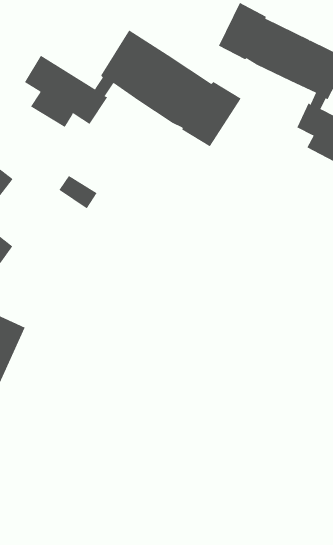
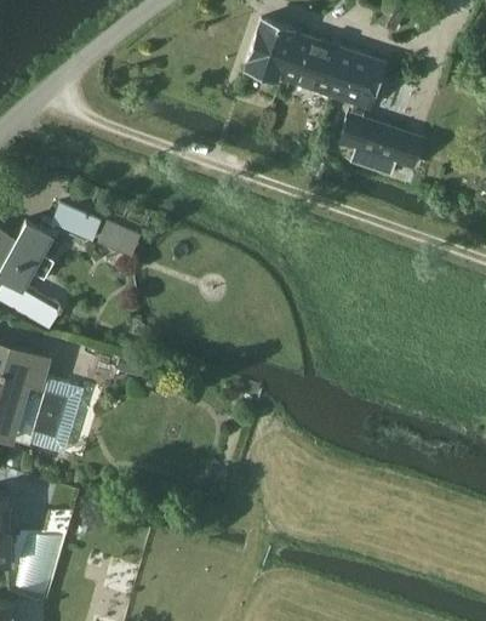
building: [24,29,241,147] -> none
building: none -> [52,203,101,243]

